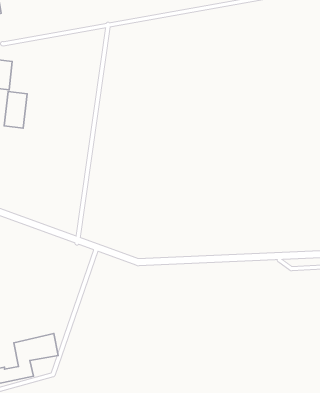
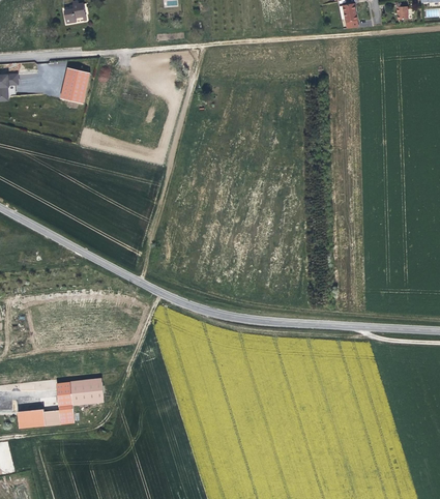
building: [4,92,27,128] -> none

